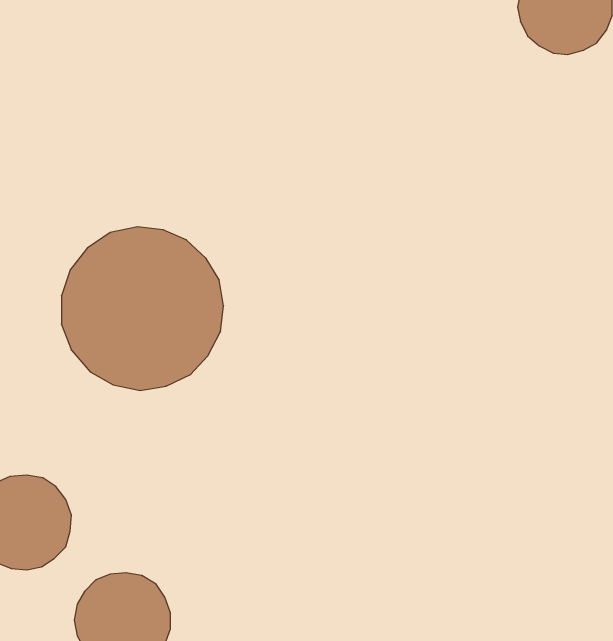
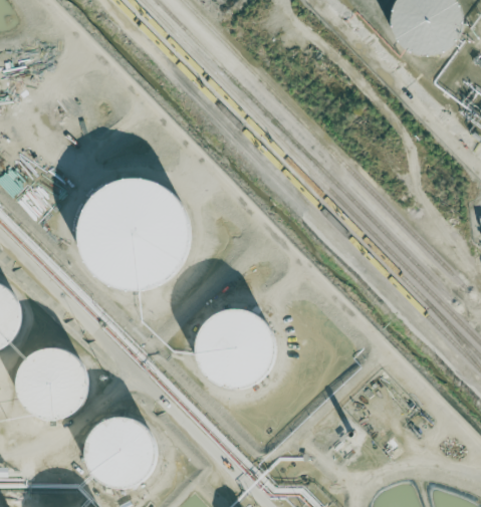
building: none -> [190,303,276,390]

